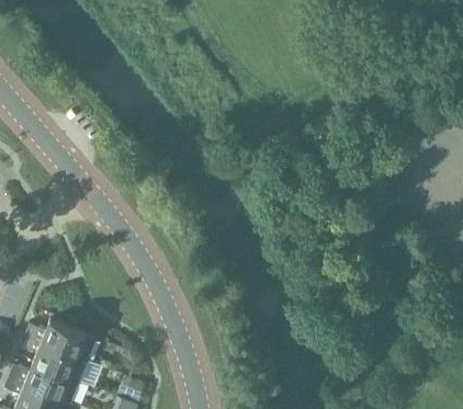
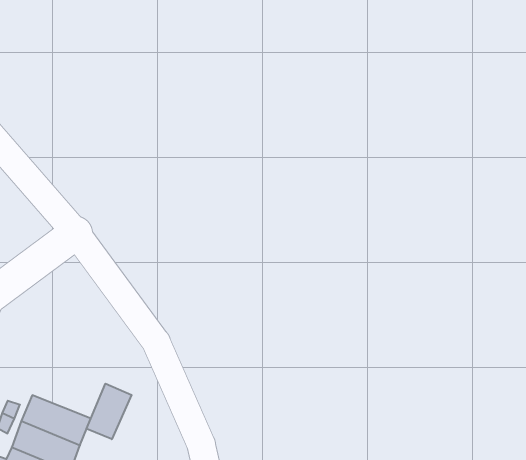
building: none -> [87,384,132,439]

